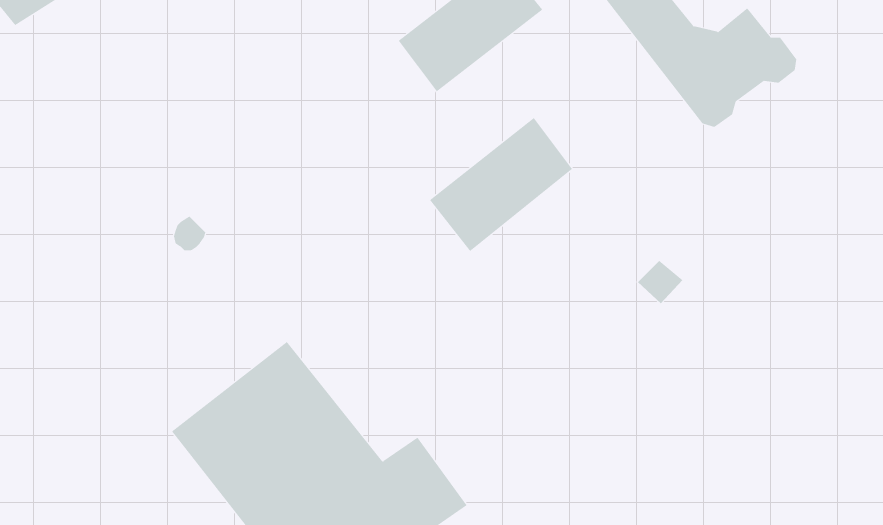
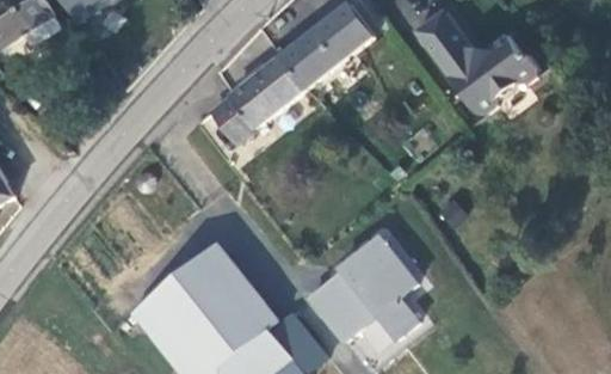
building: [429,117,573,252] -> [210,55,303,142]
building: none -> [310,235,416,339]

